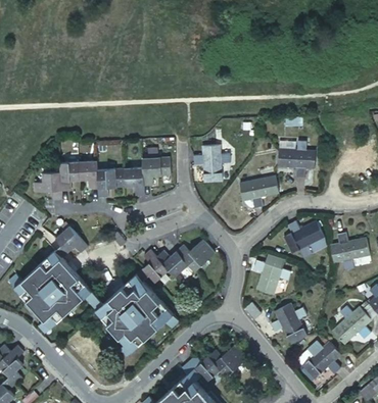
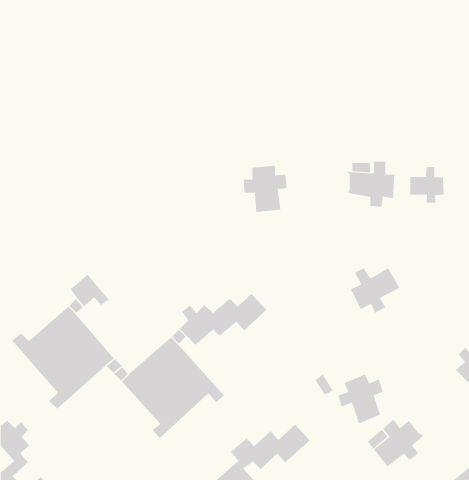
building: none -> [410,166,444,204]
building: [36,158,170,200] -> none
building: [238,172,279,205] -> none
building: [327,230,365,268] -> none
building: [248,254,284,296] -> none
building: [328,308,368,346] -> none

